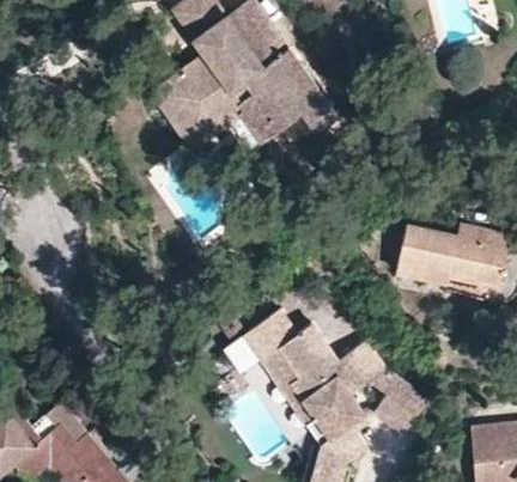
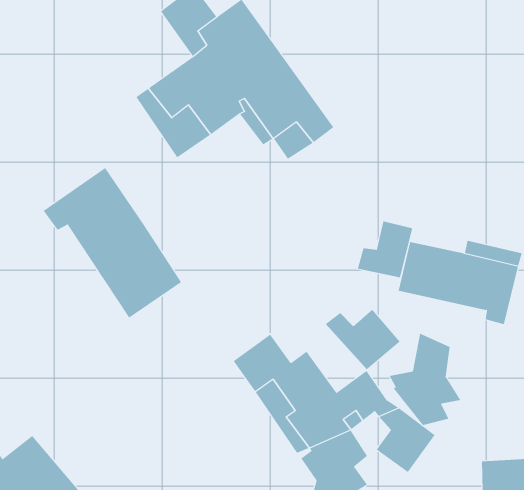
building: none -> [43,167,182,318]
building: none -> [357,221,413,278]
building: none -> [325,309,400,370]
building: none -> [389,333,461,426]

